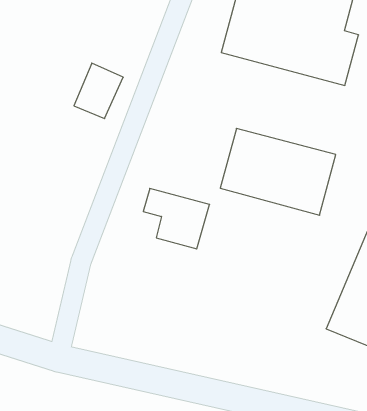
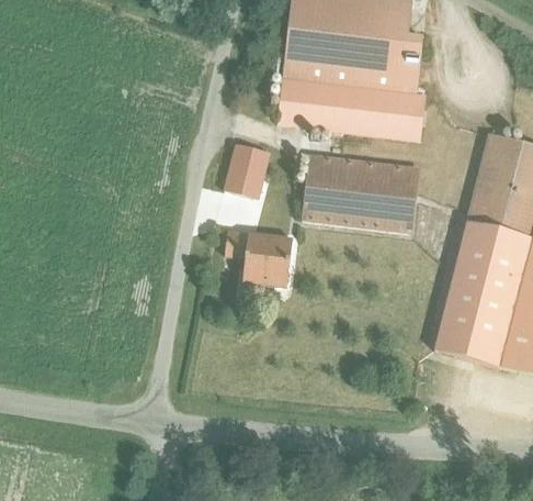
building: none -> [277,78,427,141]
building: [74,63,123,119] -> [224,144,271,200]

